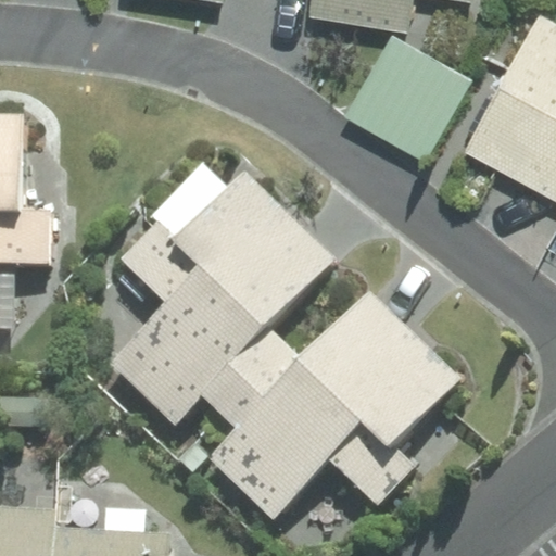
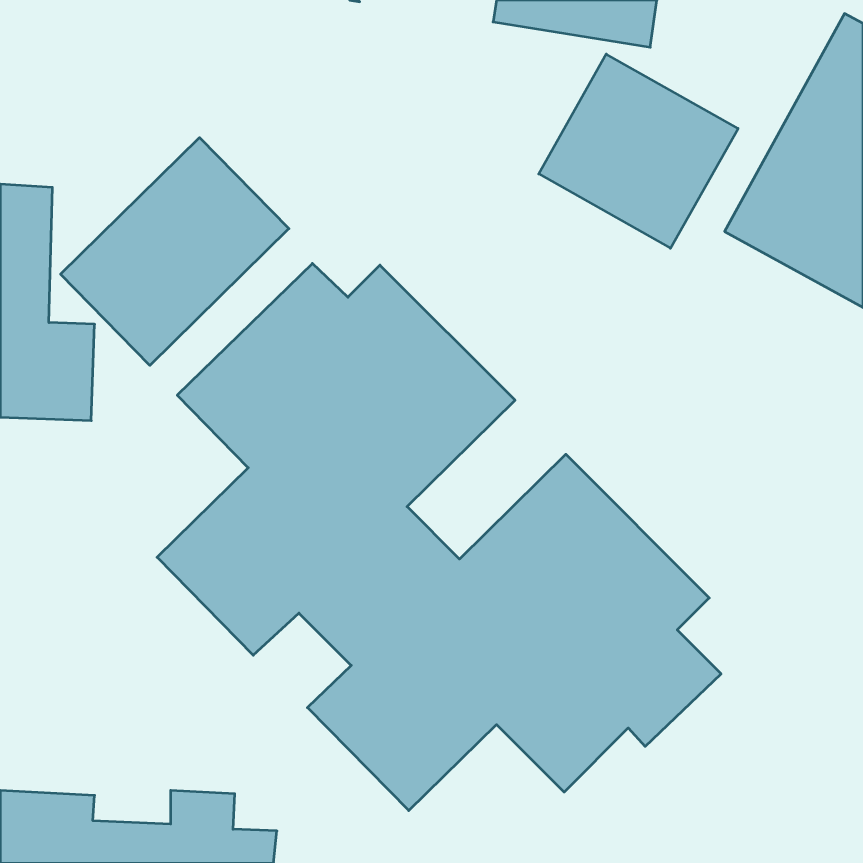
building: none -> [61,138,289,365]

